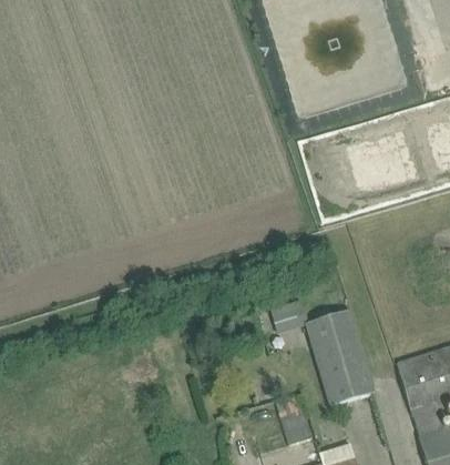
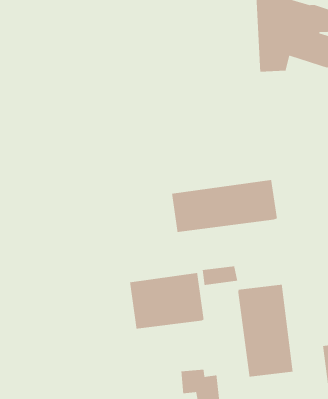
building: none -> [171,179,278,233]
building: none -> [129,272,205,329]

